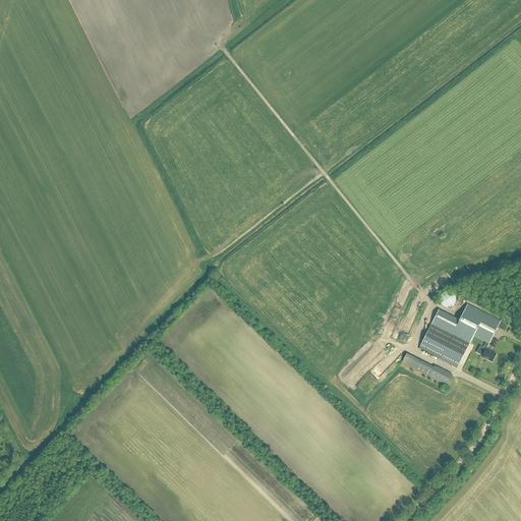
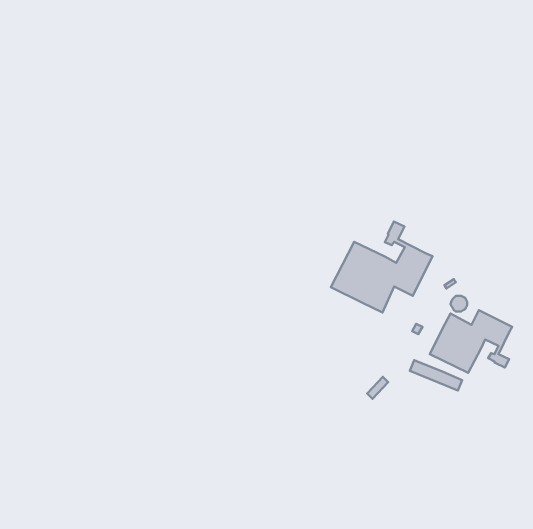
building: none -> [331,221,433,312]

